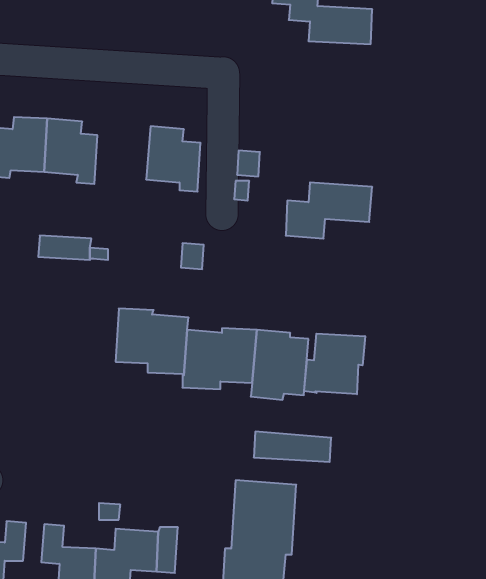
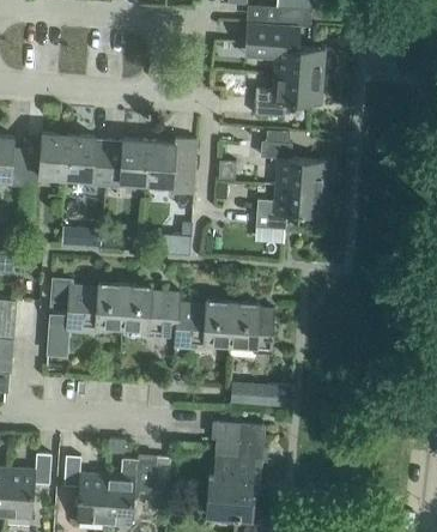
building: none -> [254,74,323,117]
building: none -> [260,132,327,188]
building: none -> [105,139,150,188]
building: none -> [45,279,125,365]
building: [304,334,365,394] -> none

